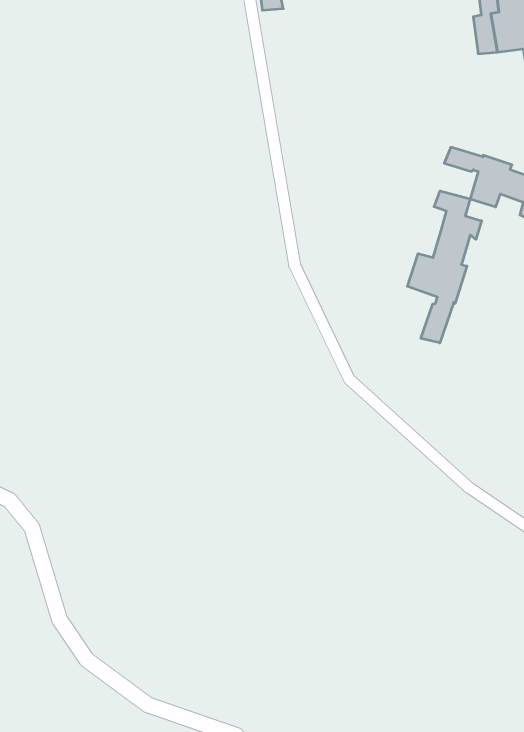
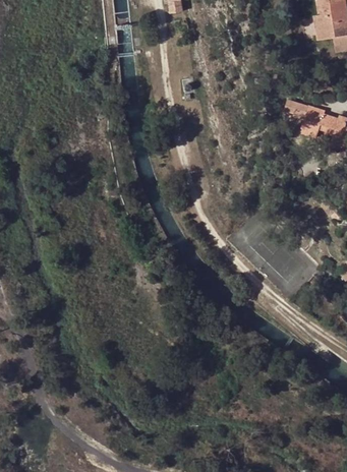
building: [407,191,482,343] -> none

